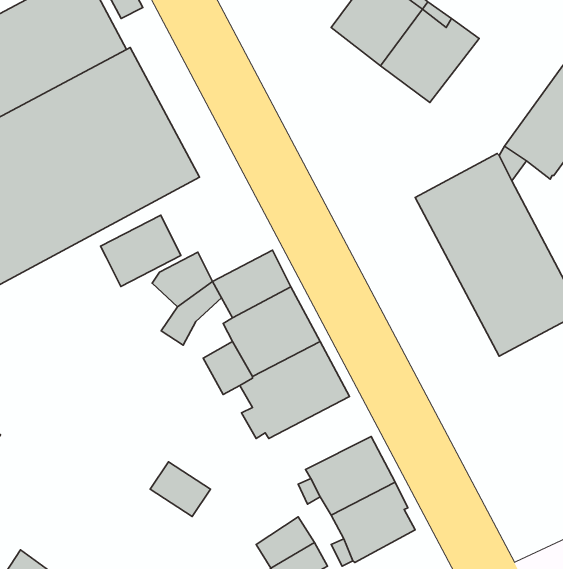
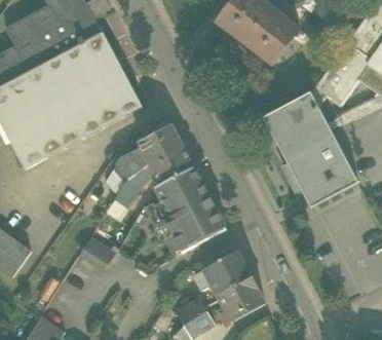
building: [101,215,181,287] -> [139,124,184,164]
building: [150,462,210,517] -> [80,238,114,269]

